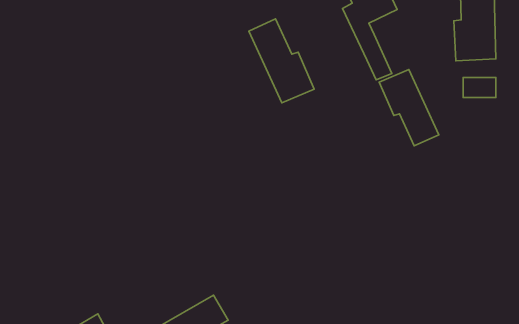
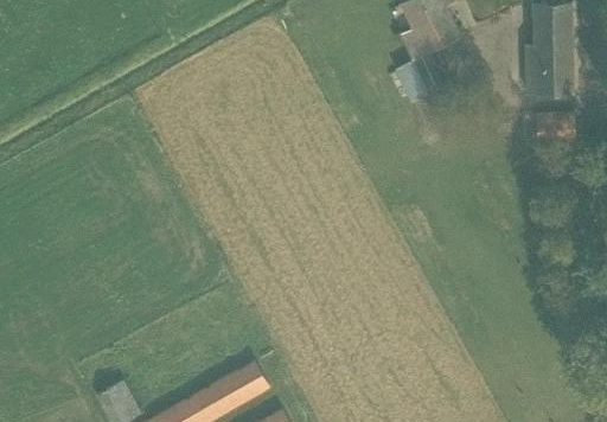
building: [249,19,314,103] -> none
building: [379,69,439,146] -> none

